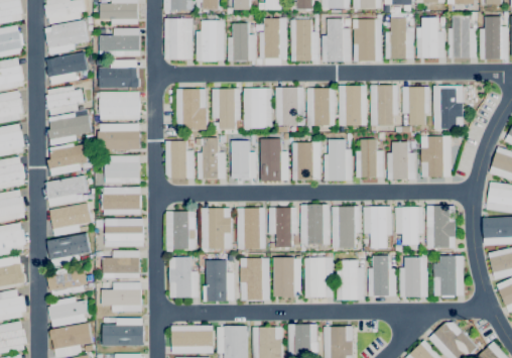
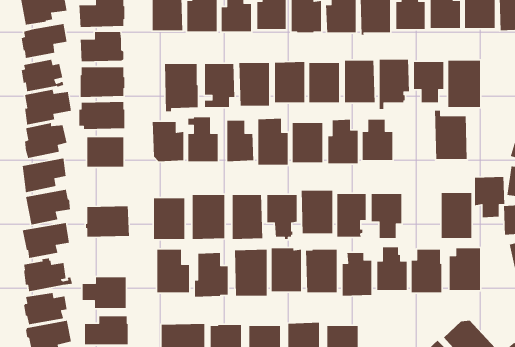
building: [386,142,415,180] -> none
building: [101,187,141,215] -> none
building: [395,207,423,245] -> [474,176,505,218]
building: [103,250,139,278] -> none

